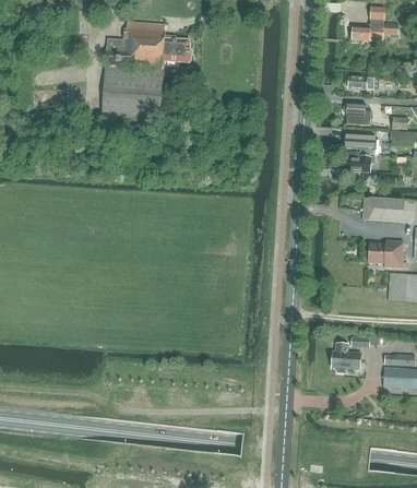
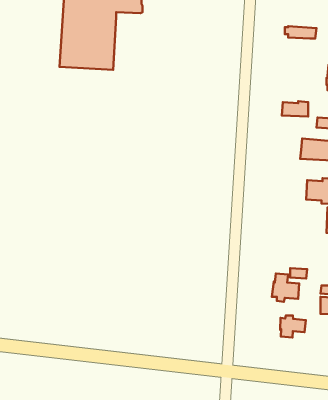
building: [343,103,370,126] -> none
building: [344,134,376,155] -> none
building: none -> [280,315,306,338]

